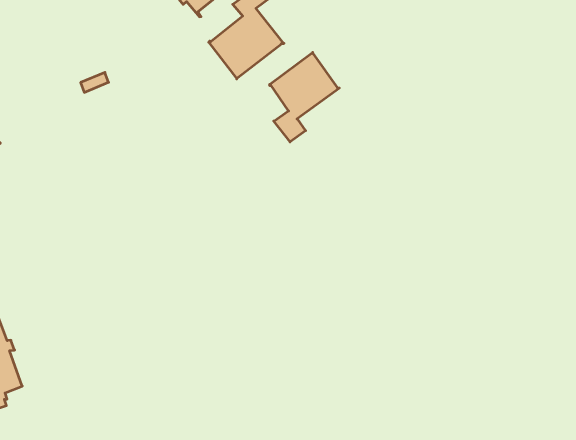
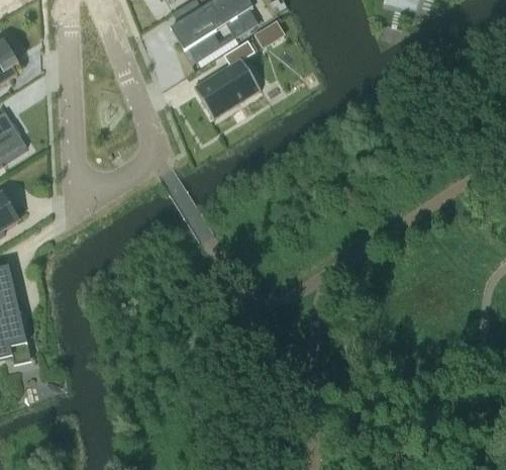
building: [270,52,339,142] -> none

